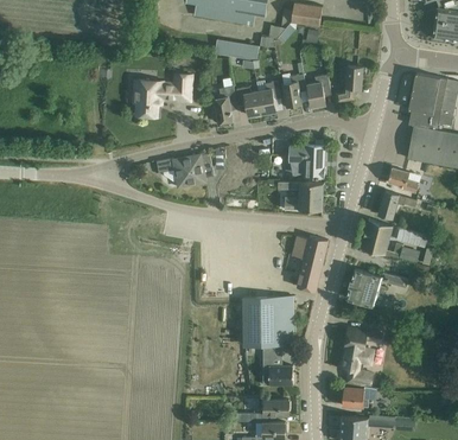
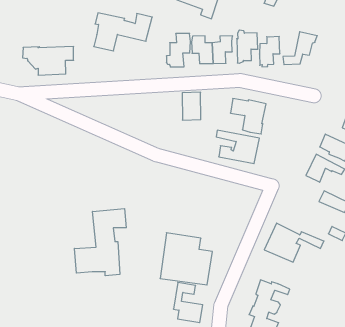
building: [157,152,211,187] -> [23,47,74,75]
building: [361,218,415,260] -> none
building: [292,235,327,291] -> none
building: none -> [74,209,126,276]

